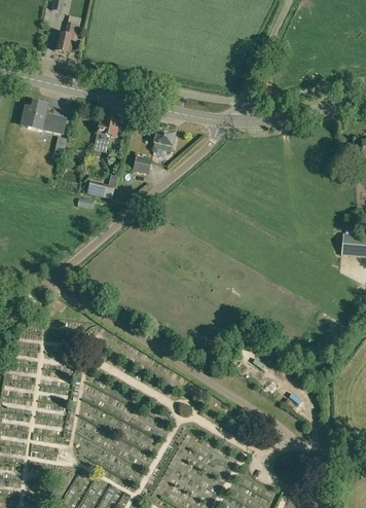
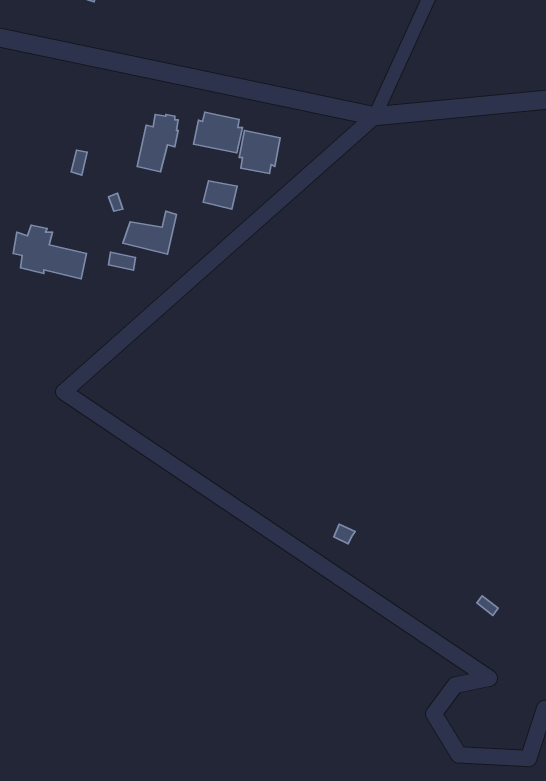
building: [23,102,65,133] -> [13,225,87,279]
building: none -> [194,112,242,153]

